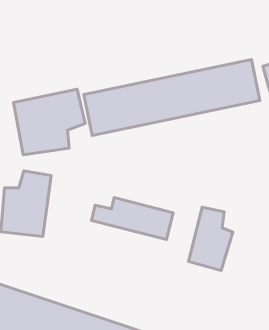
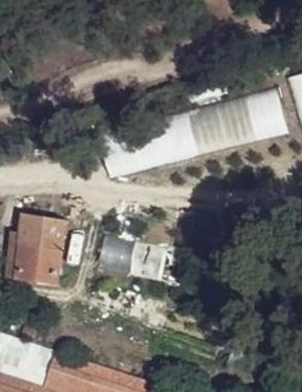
building: [13,89,85,155] -> none
building: [189,207,233,271] -> none

